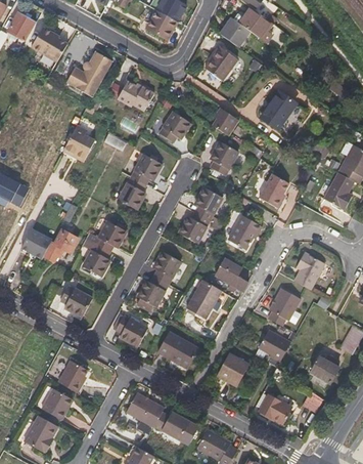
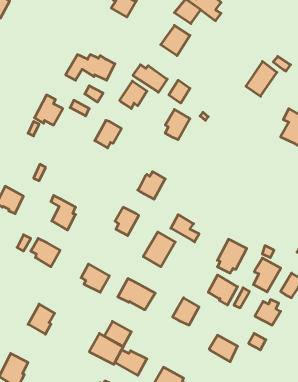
building: [31,26,66,59] -> none
building: [65,48,112,95] -> none
building: [261,90,296,129] -> [246,61,277,96]
building: none -> [133,65,167,92]
building: [324,172,354,208] -> none
building: [257,173,288,209] -> none
building: [118,176,145,209] -> none
building: [195,185,223,219] -> none
building: [227,215,261,250] -> none
building: [85,221,126,251] -> none
building: [44,228,77,260] -> none
building: [294,251,325,289] -> [253,258,281,292]
building: [136,276,168,310] -> none
building: none -> [104,321,131,346]
building: [41,389,72,420] -> none

